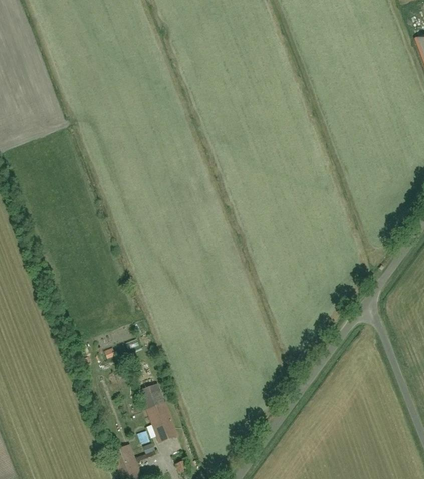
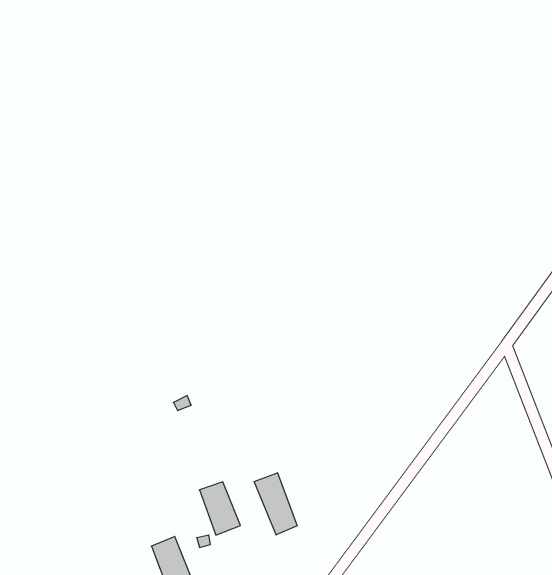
building: none -> [254,473,297,535]

